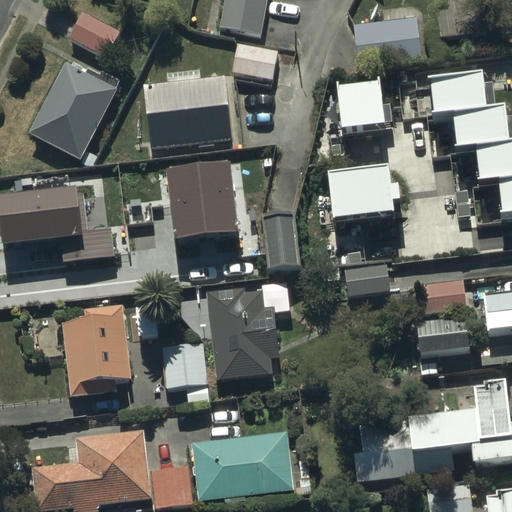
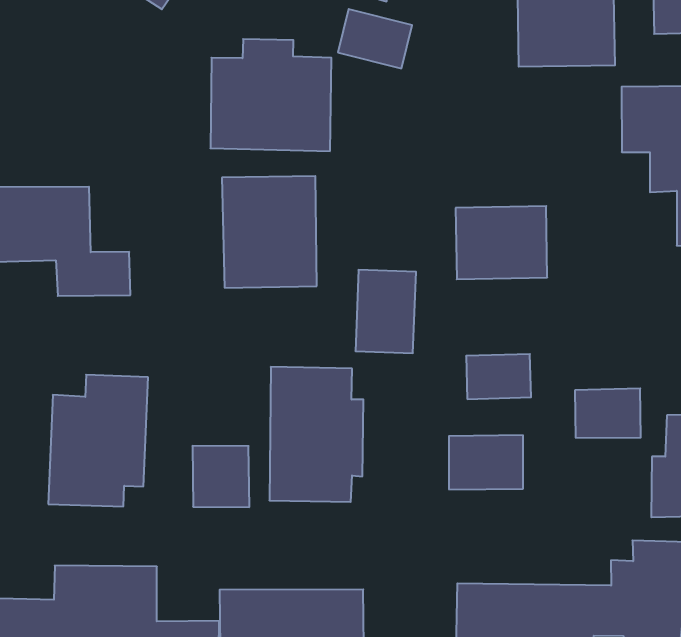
building: [33,62,124,158] -> none
building: [333,75,385,132] -> none
building: [413,315,467,357] -> [449,435,523,489]

